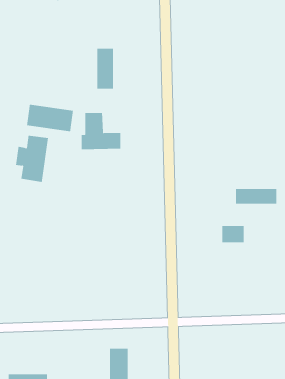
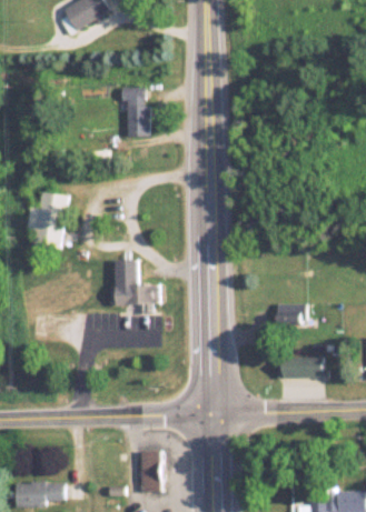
building: [27,104,73,132] -> none
building: [81,112,121,150] -> [109,260,158,305]
building: [235,189,277,204] -> [275,358,326,377]

